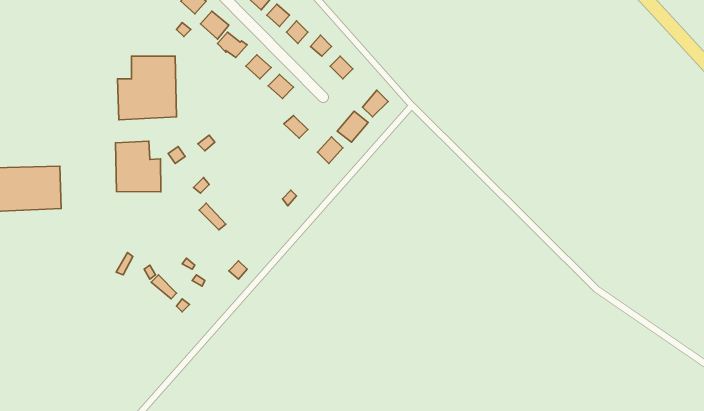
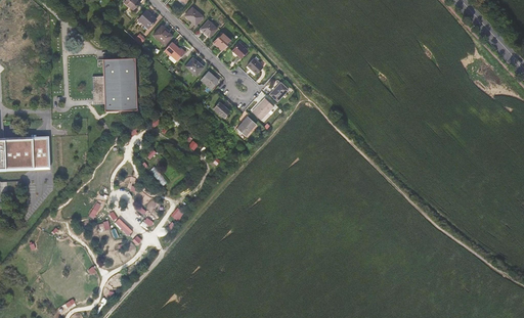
building: [115,141,161,192] -> none

